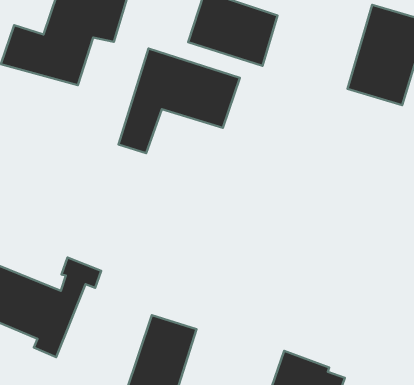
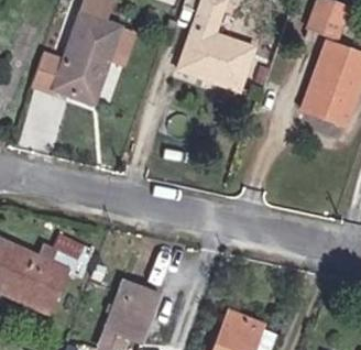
building: [118,49,240,153] -> none

